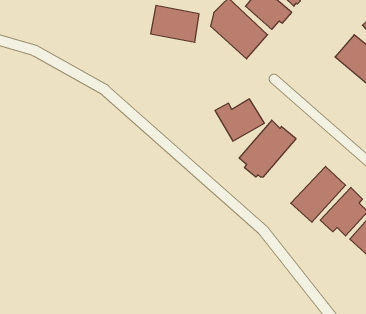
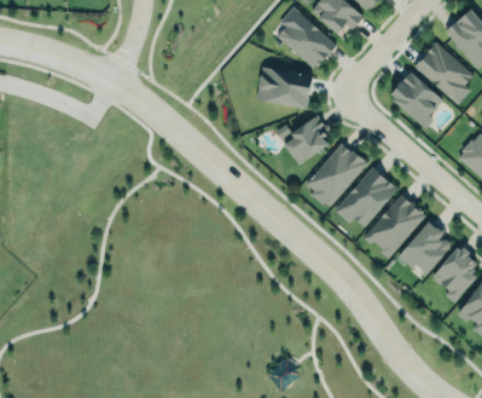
building: [151,5,199,42] -> [257,67,313,109]
building: none -> [389,71,445,126]
building: none -> [332,162,399,225]

